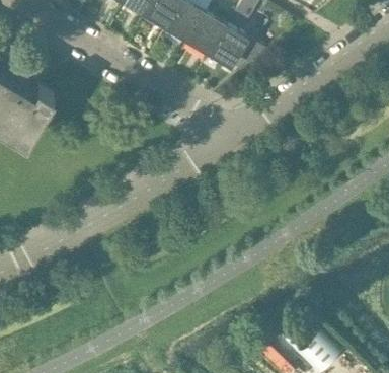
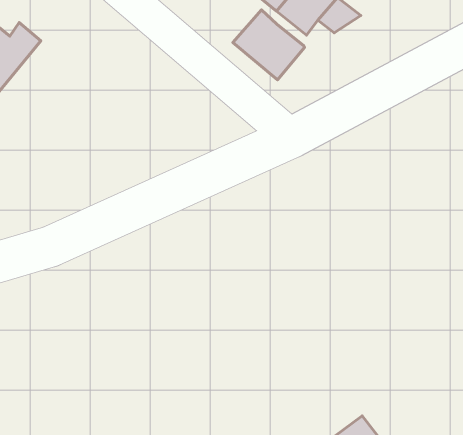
building: none -> [233,10,304,80]

